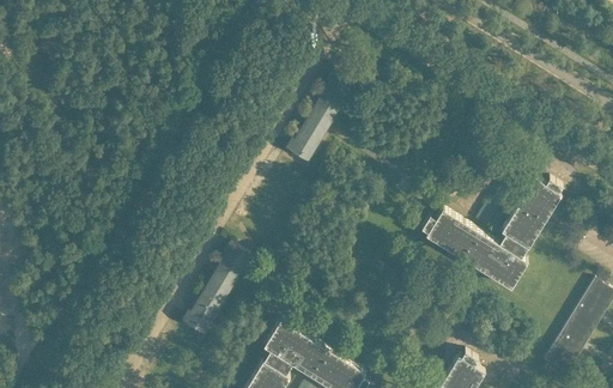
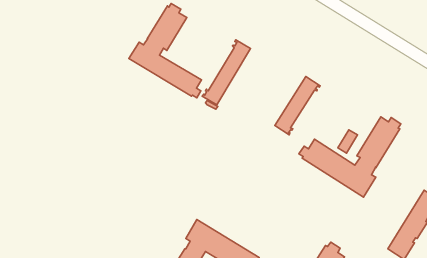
building: none -> [129,3,201,98]
building: none -> [275,76,320,135]
building: [183,245,249,334] -> none

